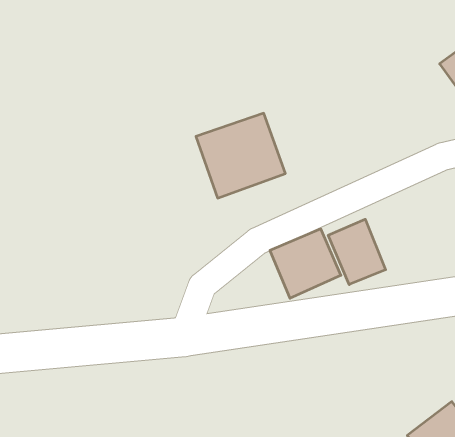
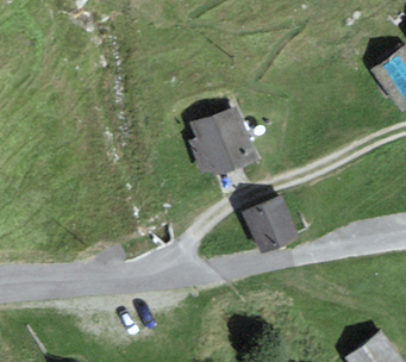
building: [328,219,386,285] -> none

